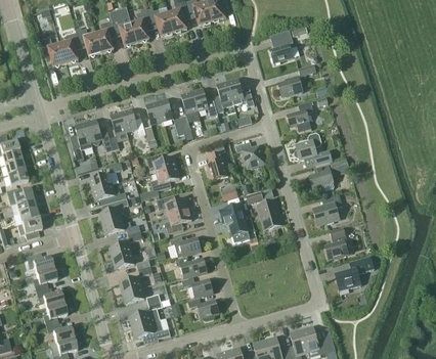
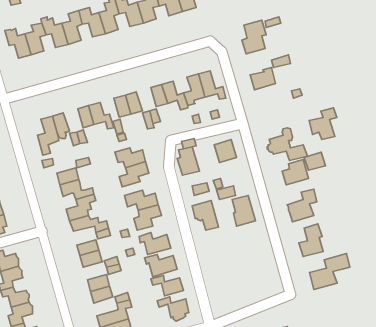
building: [287,101,313,132] -> [309,108,337,140]

